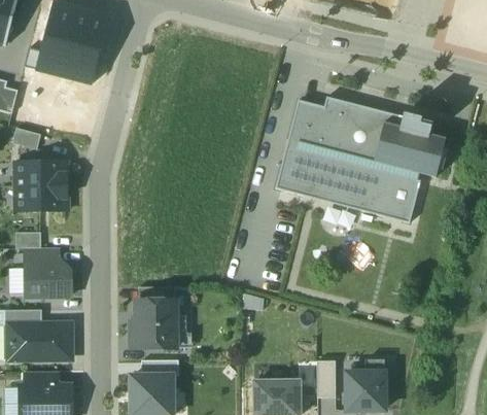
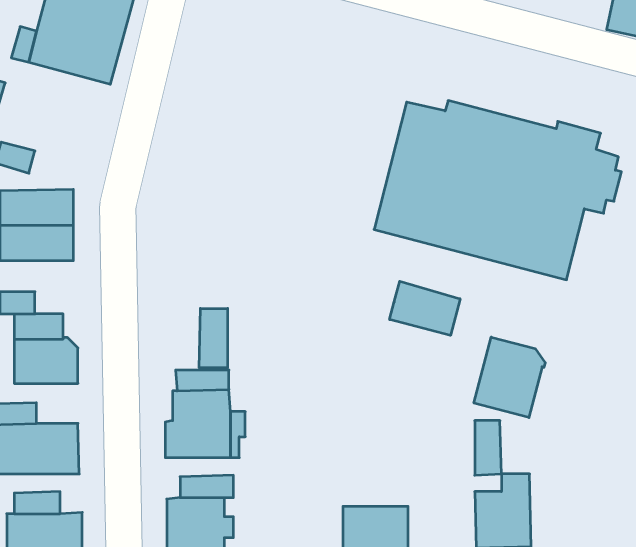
building: none -> [390,281,460,335]
building: none -> [199,308,228,368]
building: none -> [474,337,545,418]
building: [319,359,338,397] -> [475,421,501,475]

